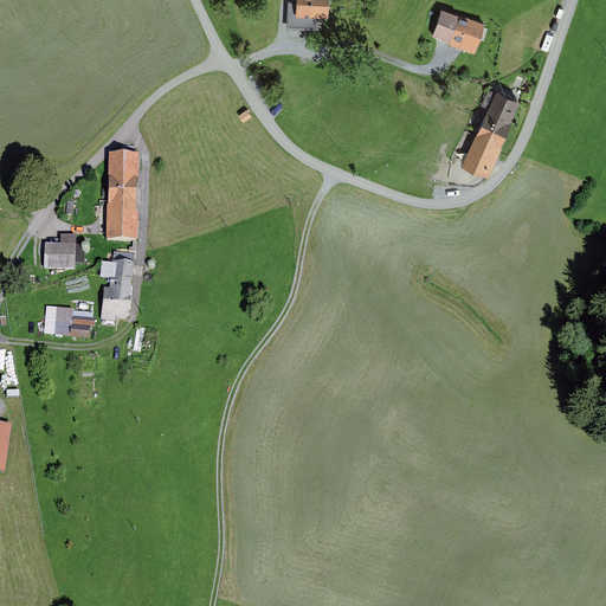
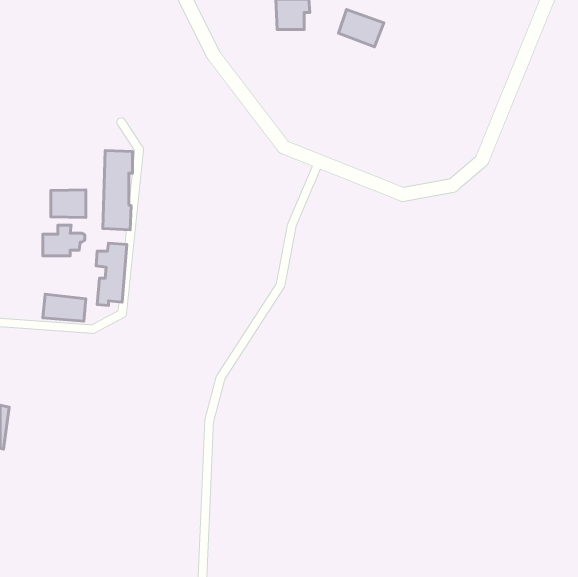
building: [434,11,482,50] -> [338,9,384,47]
building: [463,91,517,172] -> none
building: none -> [51,190,86,217]

